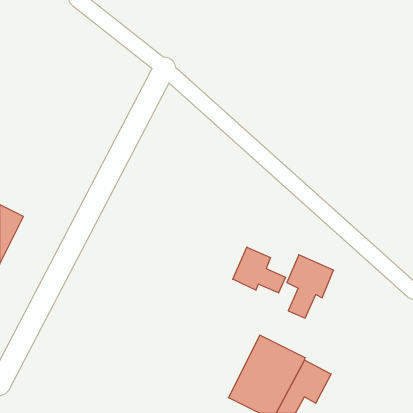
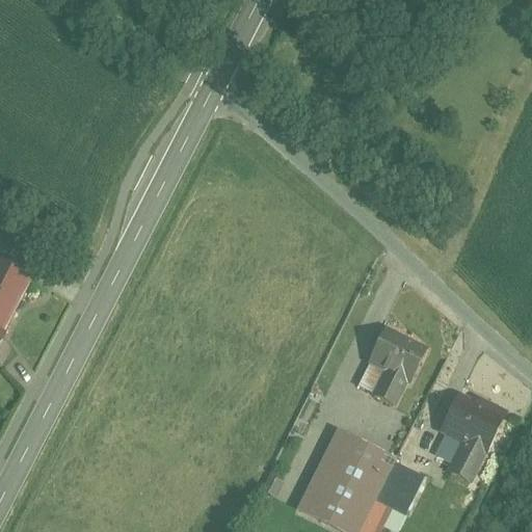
building: [233,247,286,293] -> none
building: none -> [436,389,508,483]

